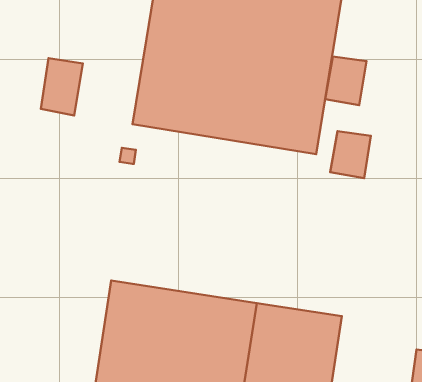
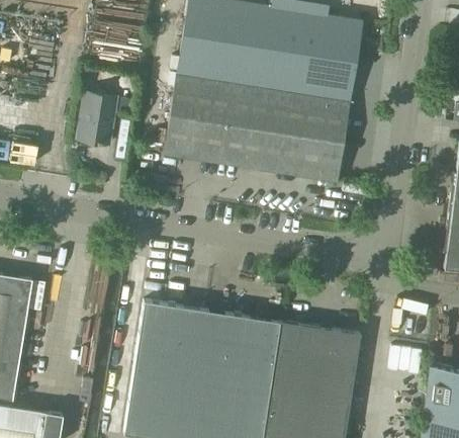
building: [325,57,366,105] -> none
building: [330,131,371,178] -> none

